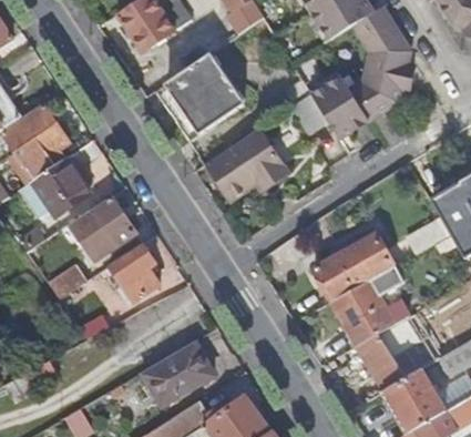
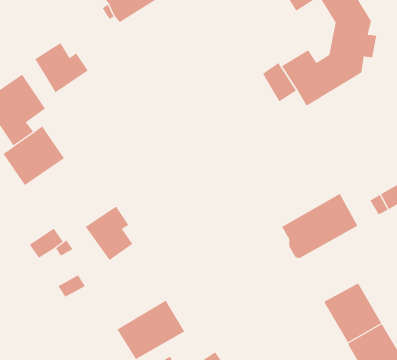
building: [168,54,246,134] -> none
building: none -> [34,42,89,93]
building: [208,128,288,200] -> none
building: [68,196,134,261] -> none
building: [334,264,410,345] -> none

